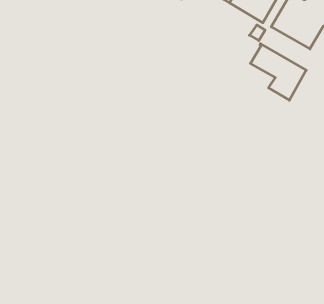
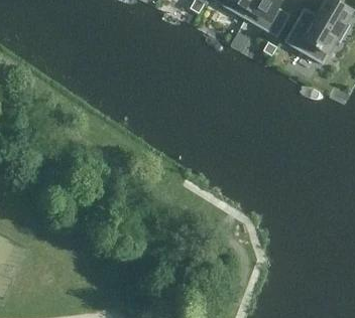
building: [250,44,306,100] -> none

